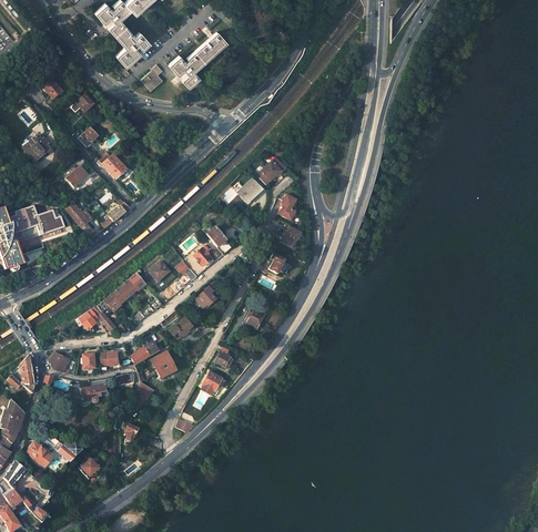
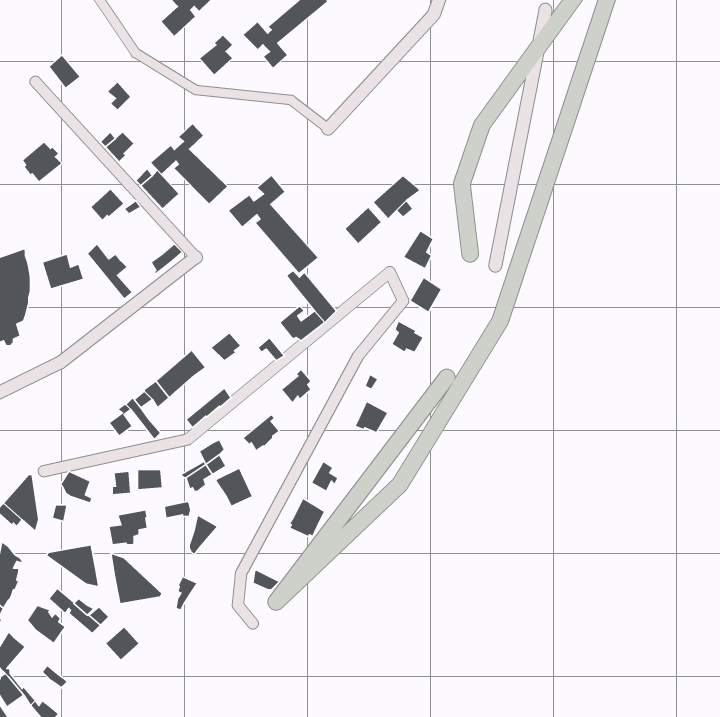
building: none -> [150,124,228,204]
building: none -> [228,175,318,274]
building: none -> [46,545,99,587]
building: none -> [111,553,162,604]

